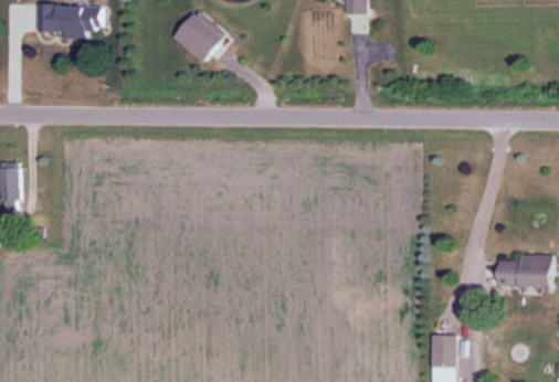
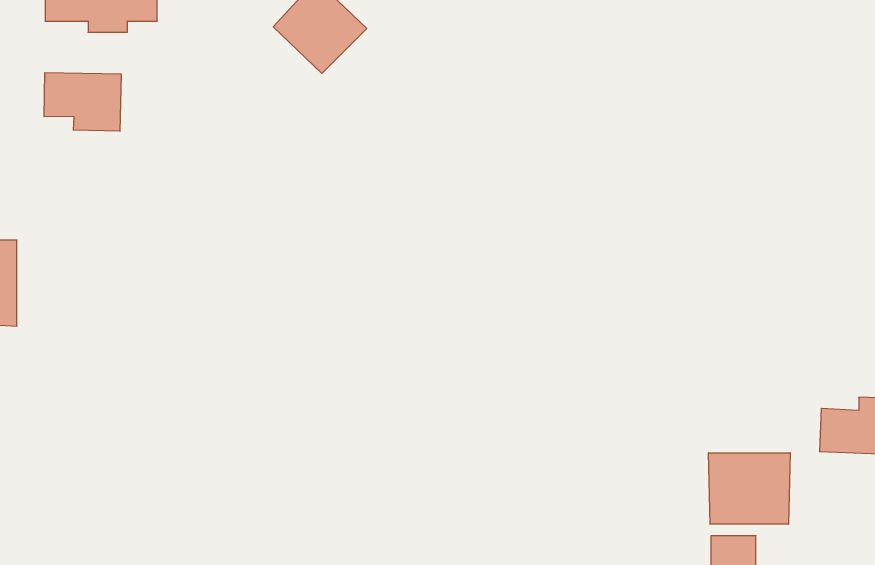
building: none -> [44,73,121,131]
building: none -> [709,453,790,524]

